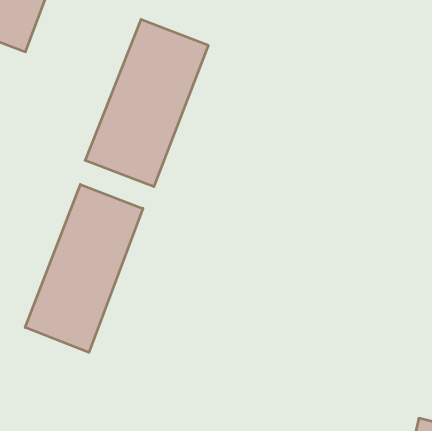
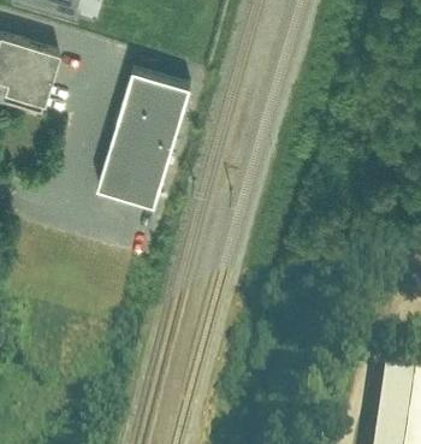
building: [25,184,143,352] -> none

